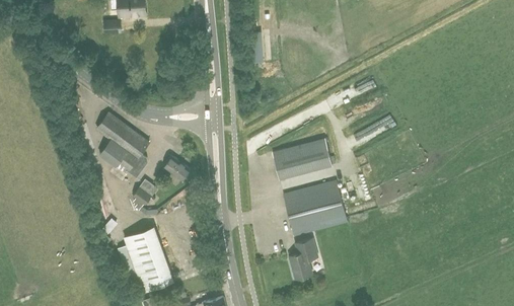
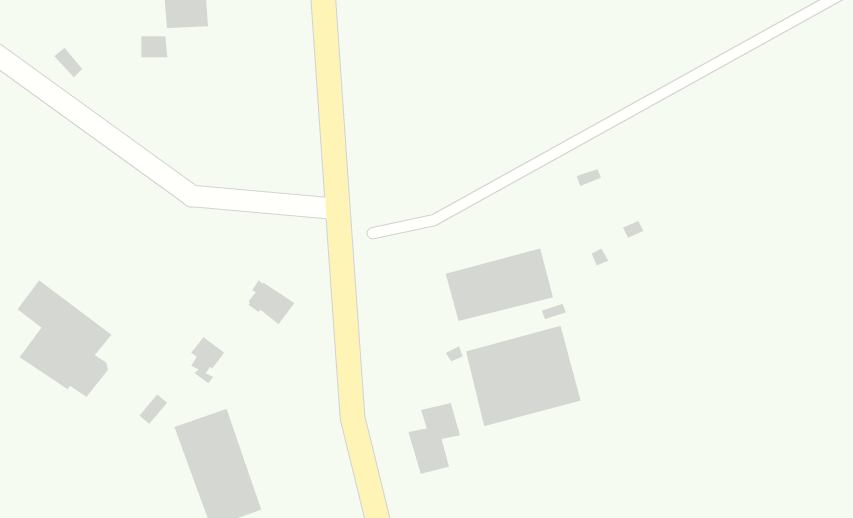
building: [97,112,150,177] -> [17,280,113,398]
building: [289,239,318,279] -> [407,402,461,474]

